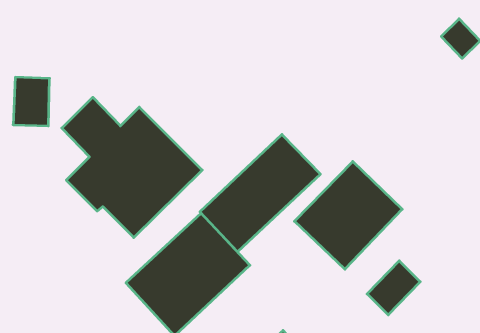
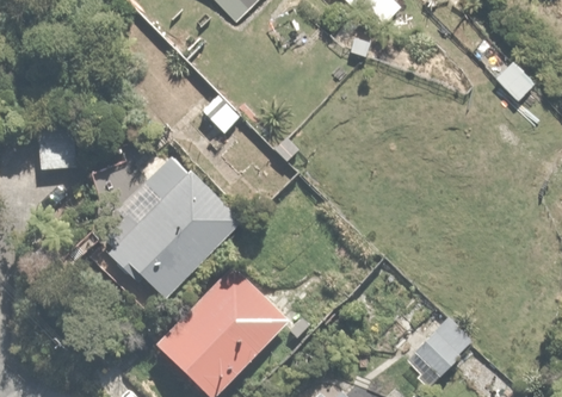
building: [200,134,320,252] -> none
building: [294,161,402,269] -> none

